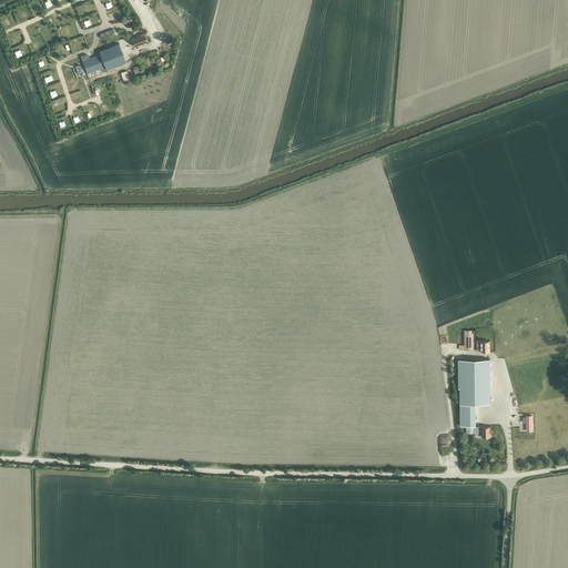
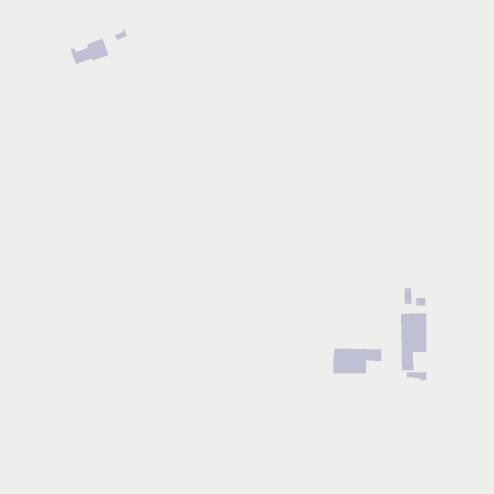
building: none -> [333,348,382,374]

